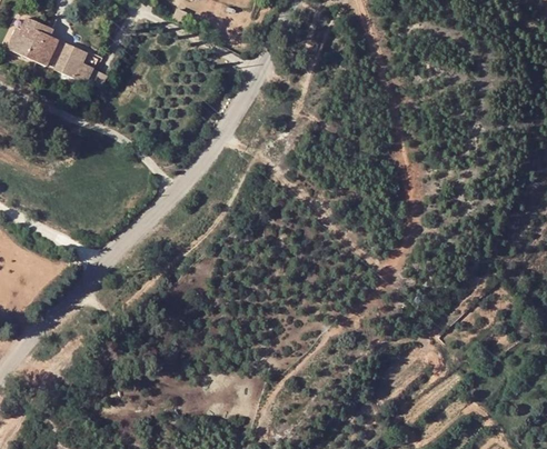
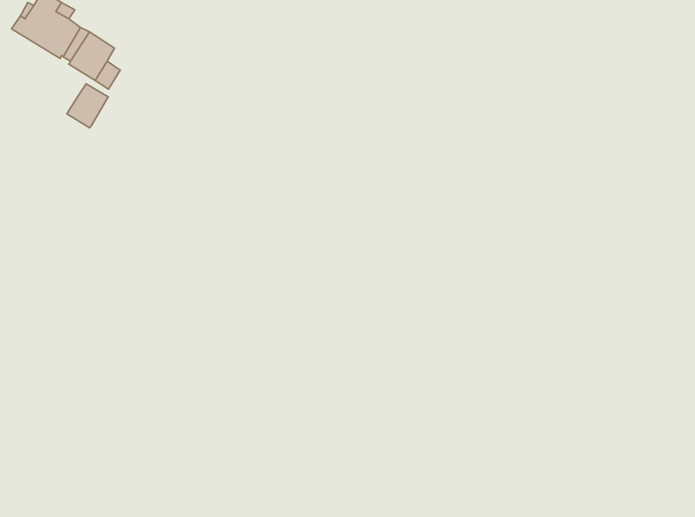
building: none -> [67,84,108,128]

